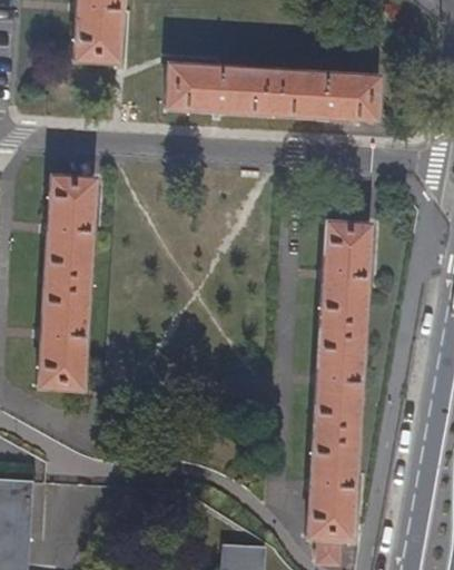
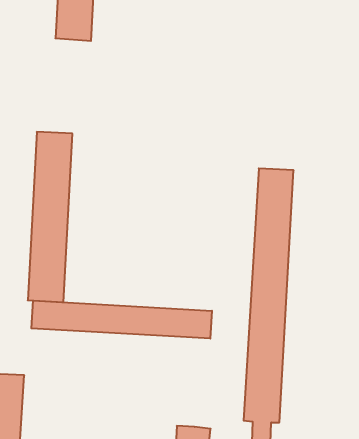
building: [166,65,379,121] -> none
building: none -> [31,301,212,339]

